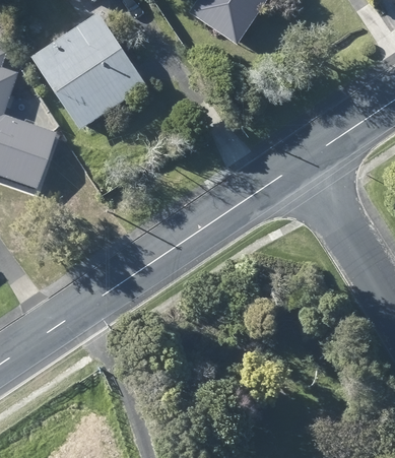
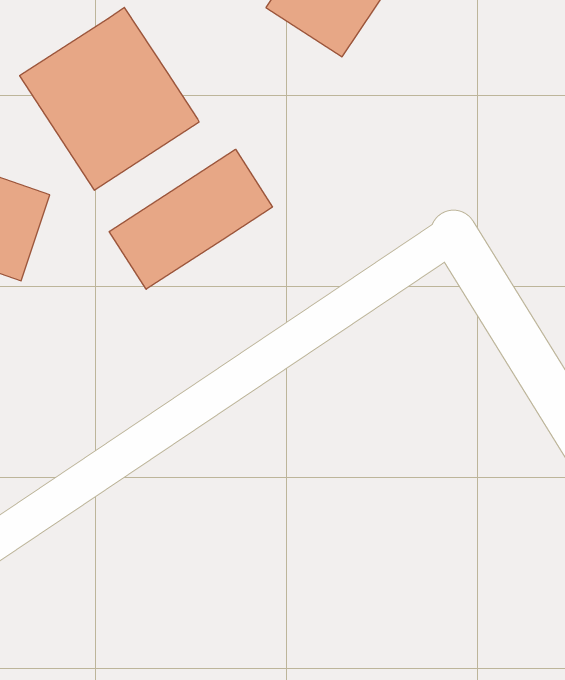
building: none -> [109,149,272,289]

